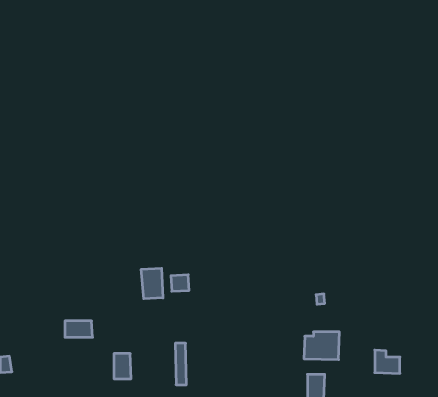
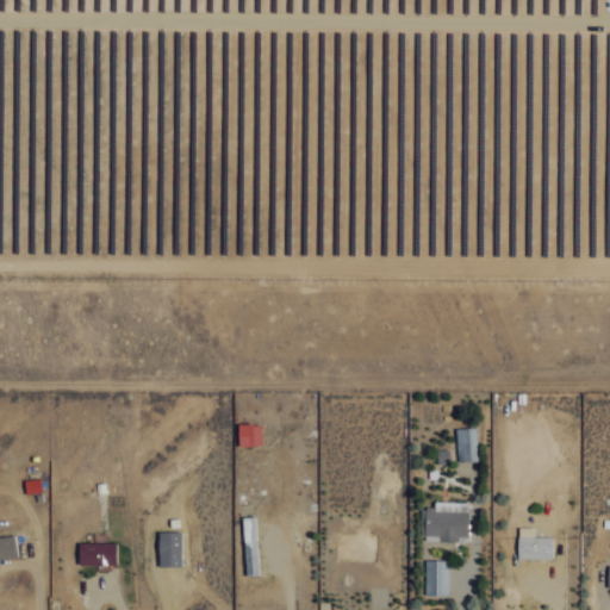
building: [141,268,163,299] -> none
building: none -> [456,428,478,462]
building: [65,321,93,337] -> [79,543,117,566]

